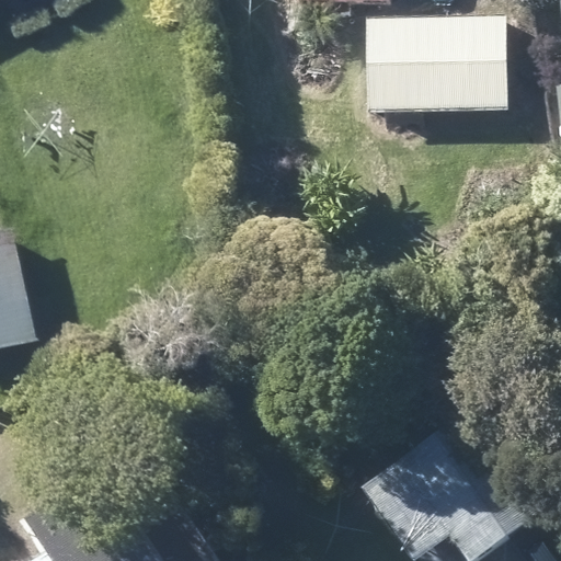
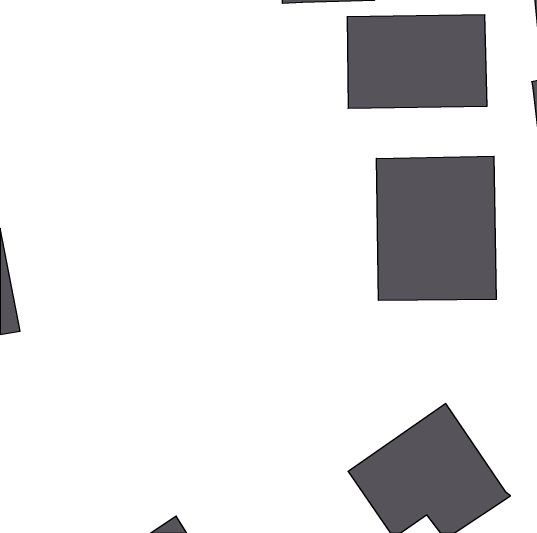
building: none -> [376,156,496,300]

